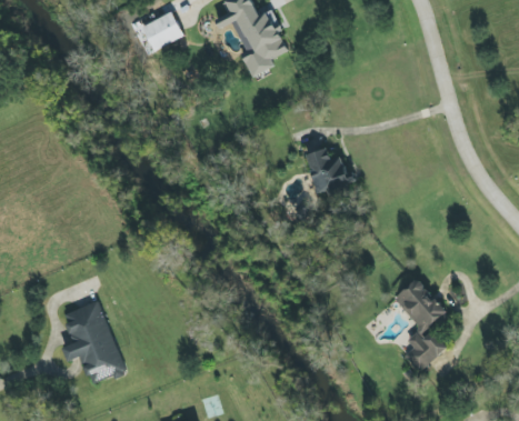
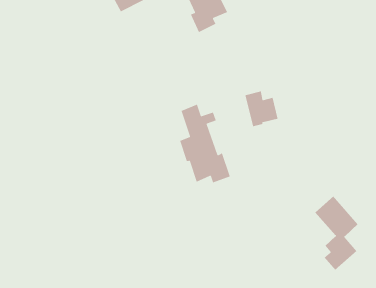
building: none -> [179,104,231,184]
building: [62,300,124,383] -> none

